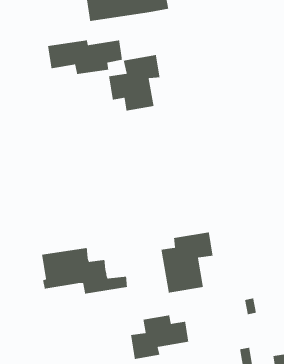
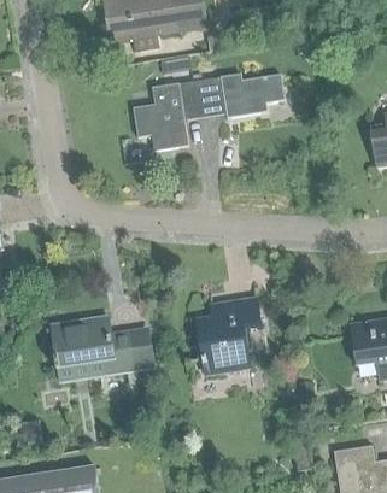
building: [47,40,123,75] -> [192,74,285,117]
building: [130,314,189,360] -> none

